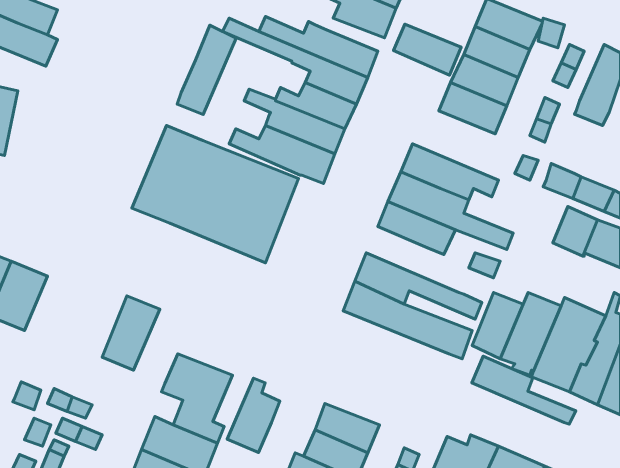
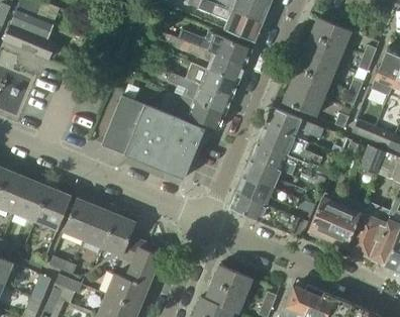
building: [393,24,461,75] -> [281,87,322,118]
building: [177,25,236,114] -> none
building: none -> [34,188,70,229]
building: none -> [63,192,97,237]
building: [472,356,576,424] -> [243,157,307,199]
building: [227,378,280,452] -> [101,208,133,253]

